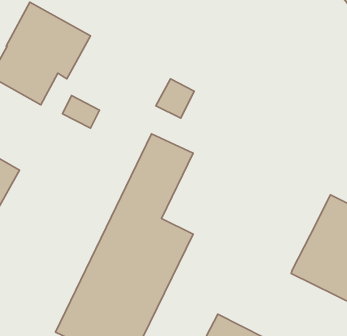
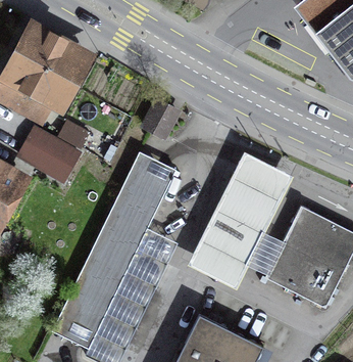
building: none -> [20,128,78,180]
building: none -> [188,151,293,287]

